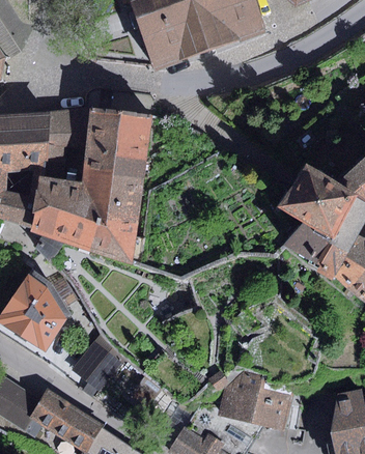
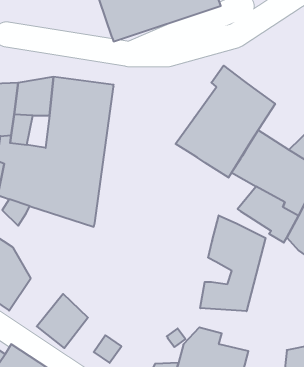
building: none -> [176,66,275,178]
building: none -> [200,215,266,311]

